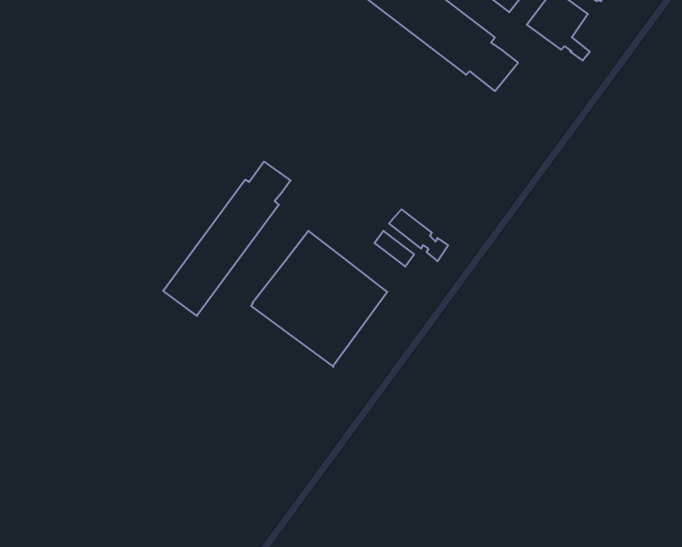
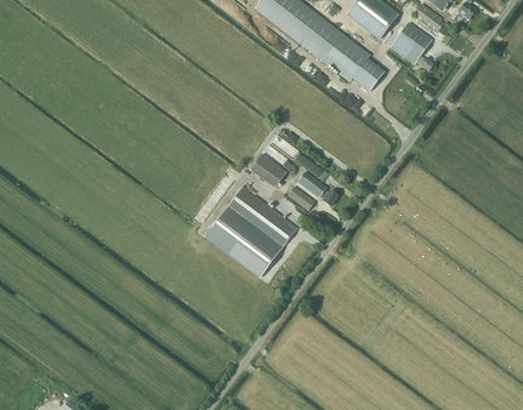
building: [163,162,291,316] -> none
building: none -> [249,153,286,188]

